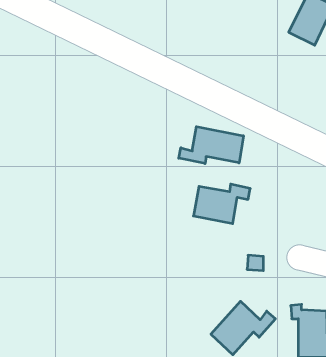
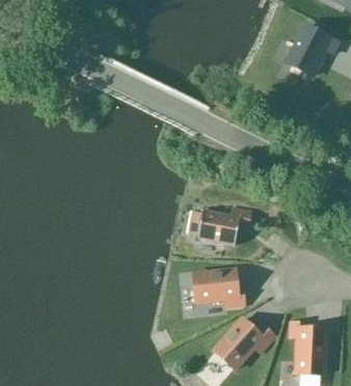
building: [179,127,243,164] -> none
building: none -> [193,269,245,306]

